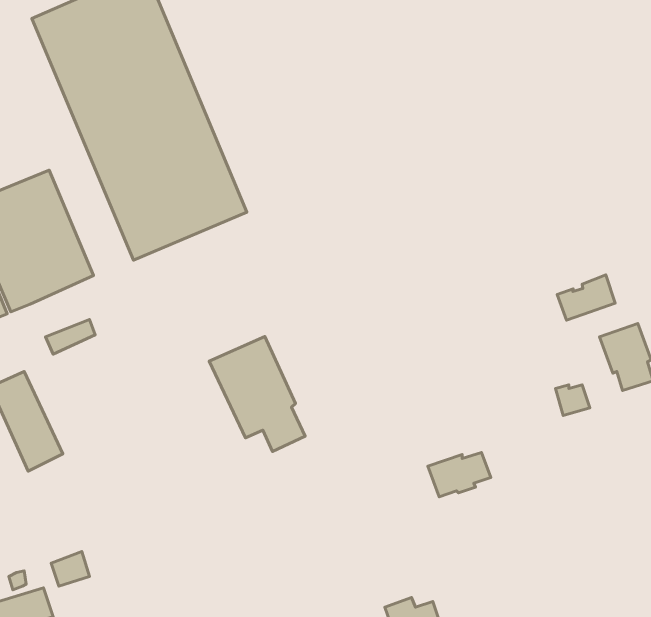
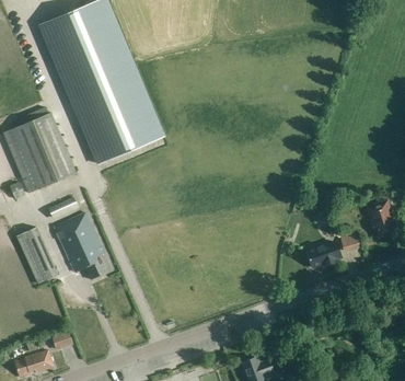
building: [557,275,615,320] -> none
building: [209,336,305,451] -> [54,212,108,278]
building: [428,453,491,497] -> [305,242,342,267]

